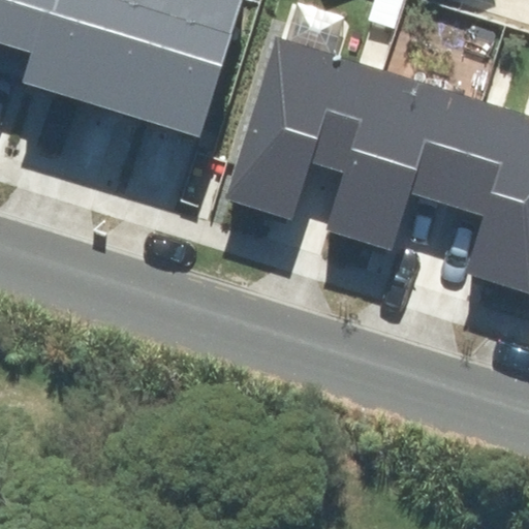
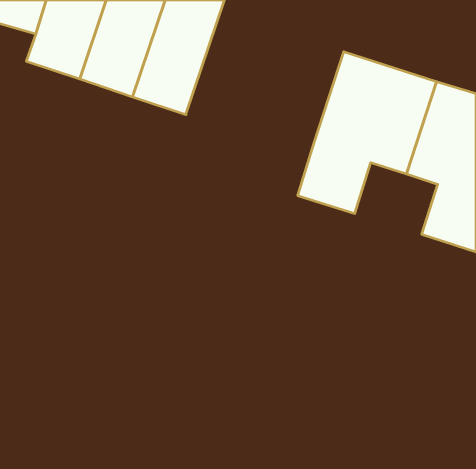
building: [225,37,378,217] -> none

